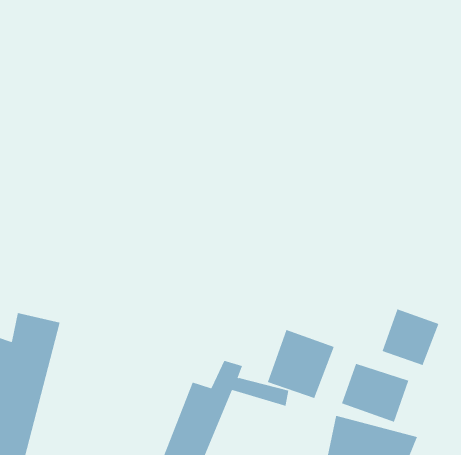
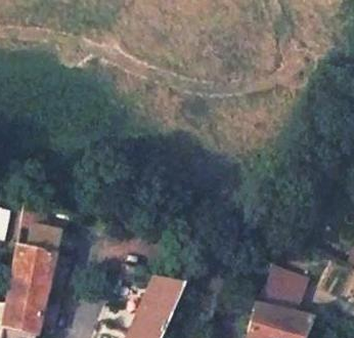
building: [382,308,439,366] -> none
building: [267,329,335,399] -> none

